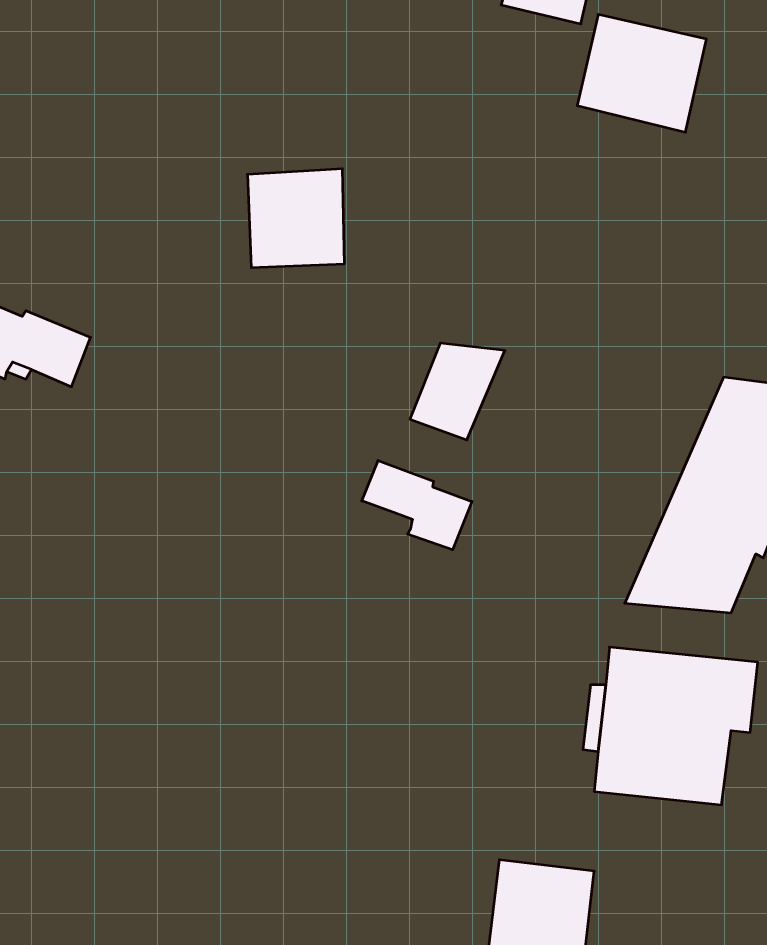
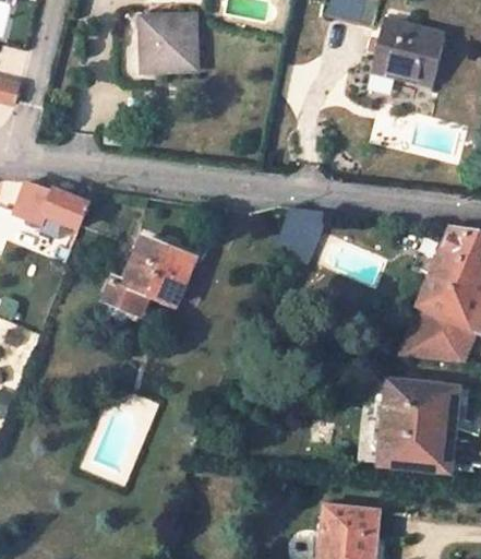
building: [247,169,344,268] -> [141,14,196,71]
building: none -> [104,238,194,314]
building: [362,460,472,550] -> none

